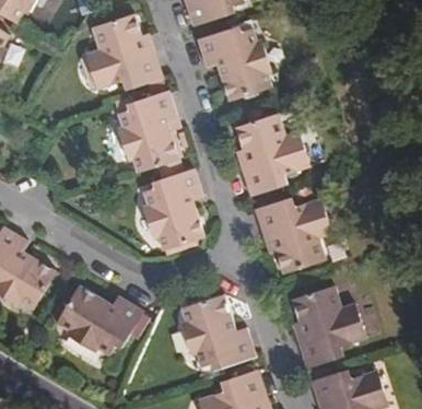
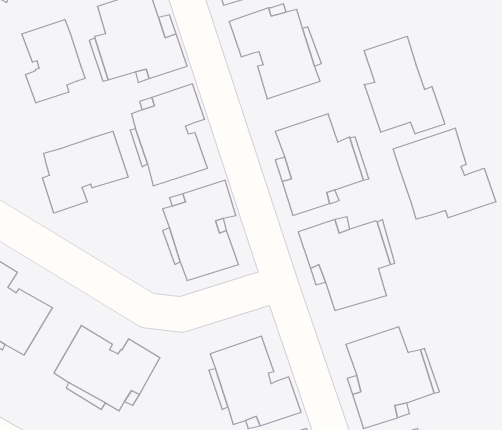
building: none -> [22,19,85,103]
building: none -> [364,36,445,134]
building: none -> [393,128,496,219]
building: none -> [42,131,128,213]

